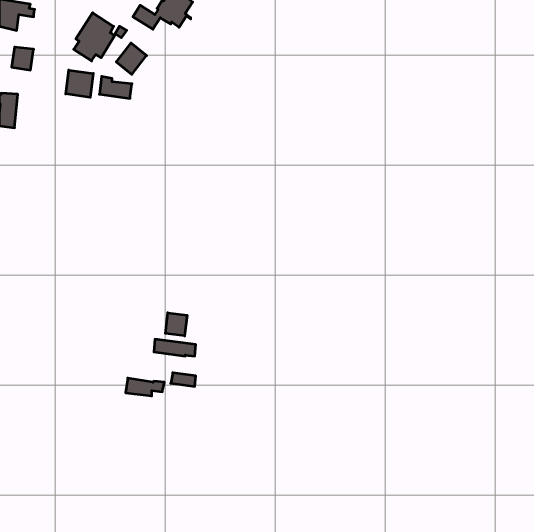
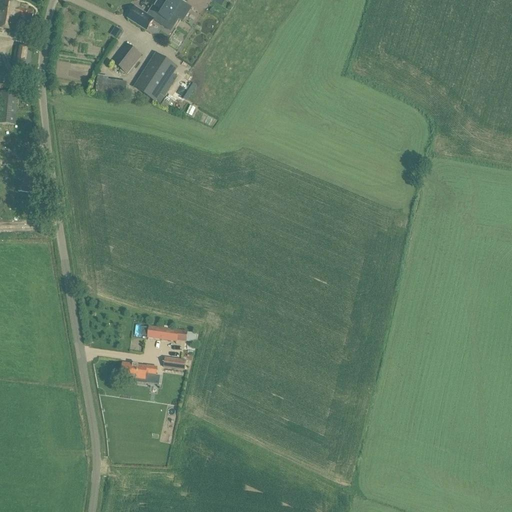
building: [74,13,115,61] -> [137,52,176,98]
building: [66,70,93,97] -> none
building: [165,313,187,336] -> none

